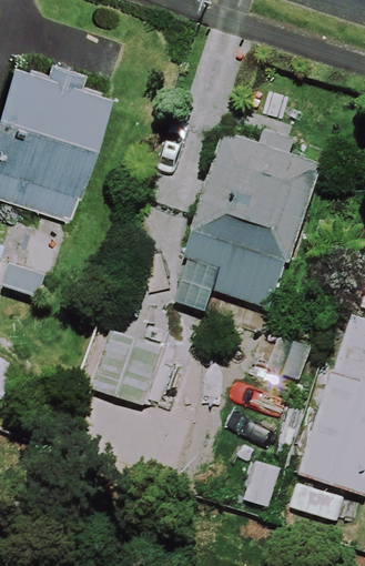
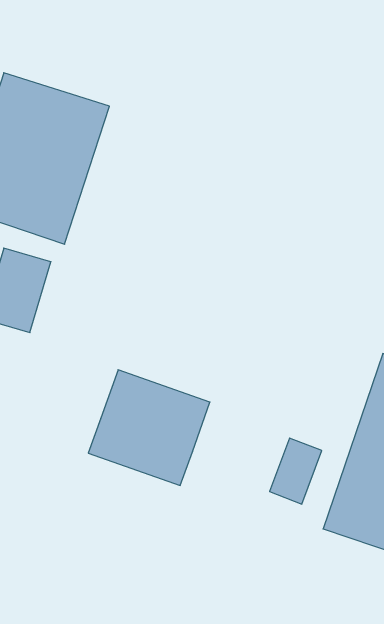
building: [181,133,320,309] -> none

